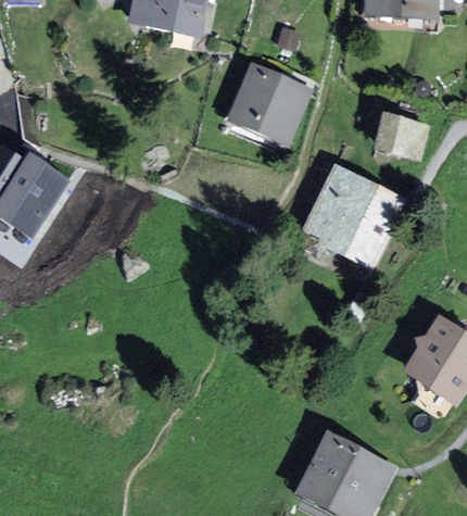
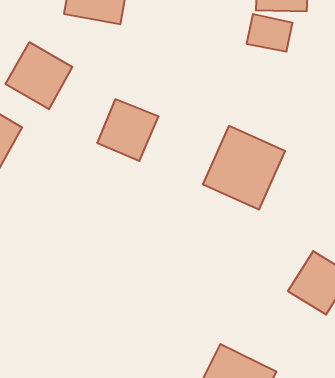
building: none -> [6,42,72,109]
building: [230,64,307,141] -> [97,99,159,161]
building: [371,112,429,159] -> [247,14,293,52]

